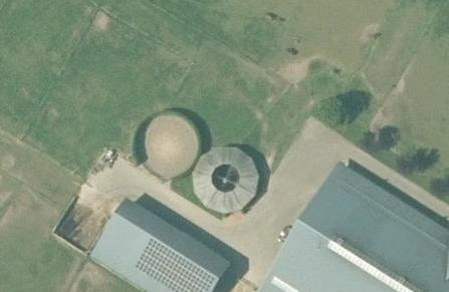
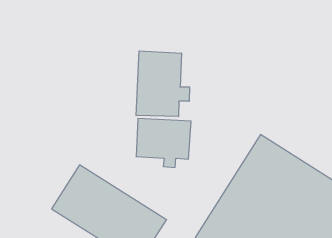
building: none -> [136,51,190,117]

